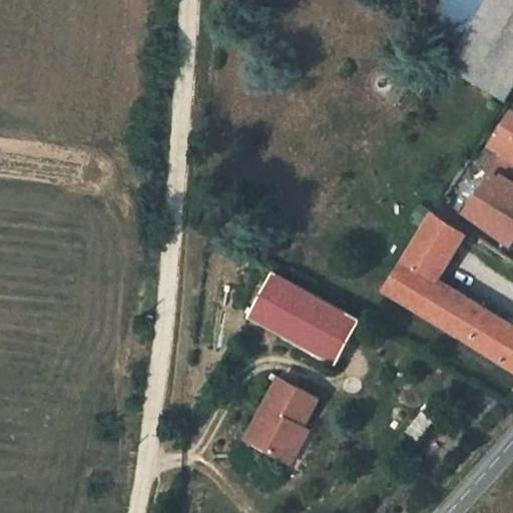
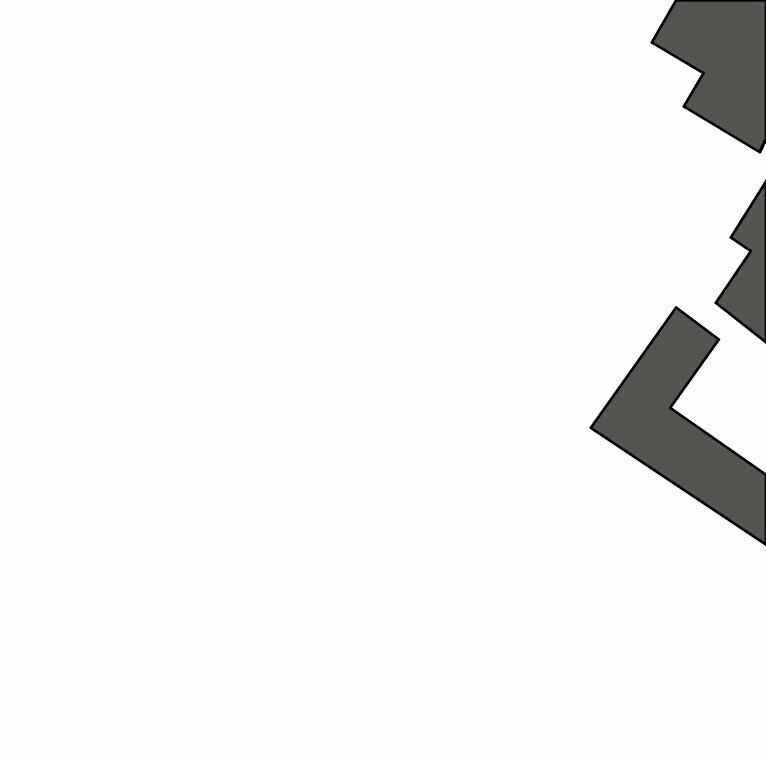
building: [252,276,360,362] -> none
building: [233,367,317,457] -> none

